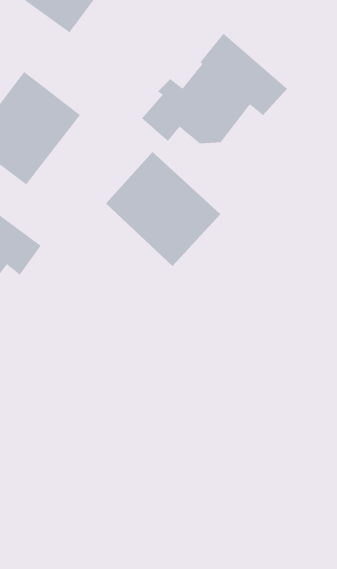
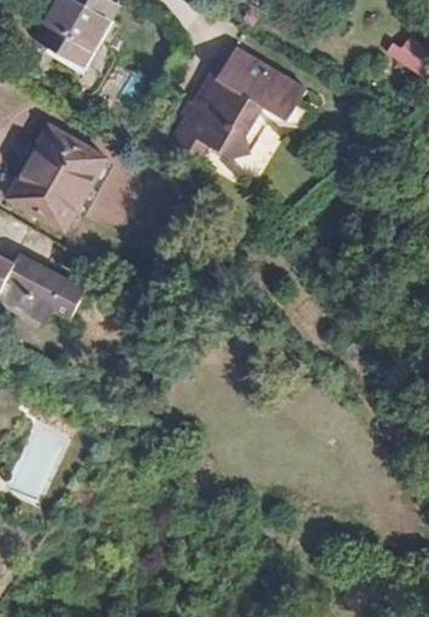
building: [105,151,221,267] -> none

